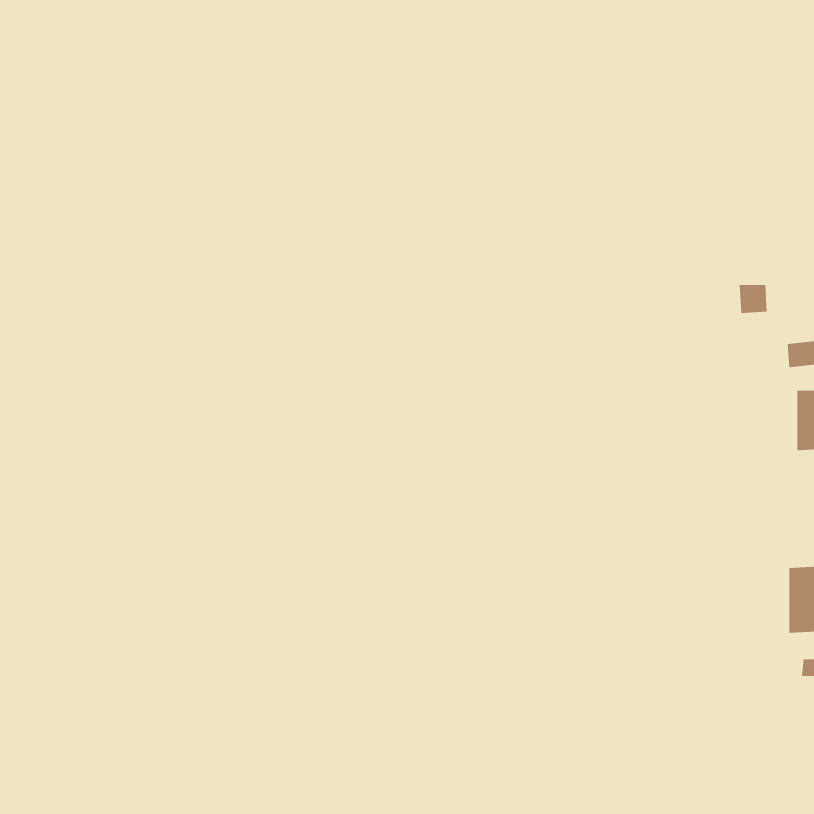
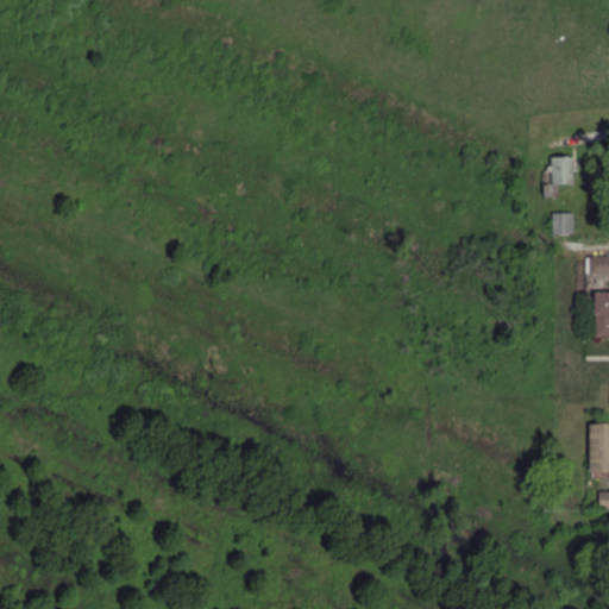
building: none -> [551,157,575,186]

